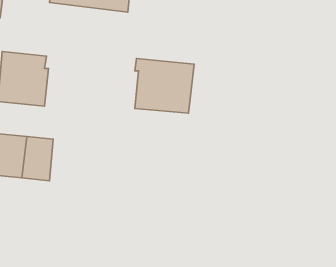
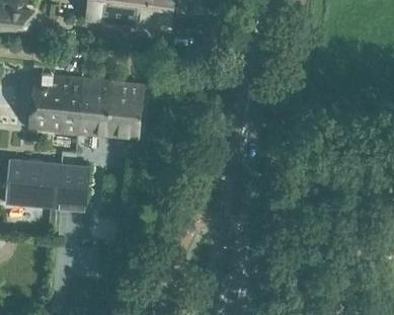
building: [135,58,194,113] -> [80,78,144,137]

